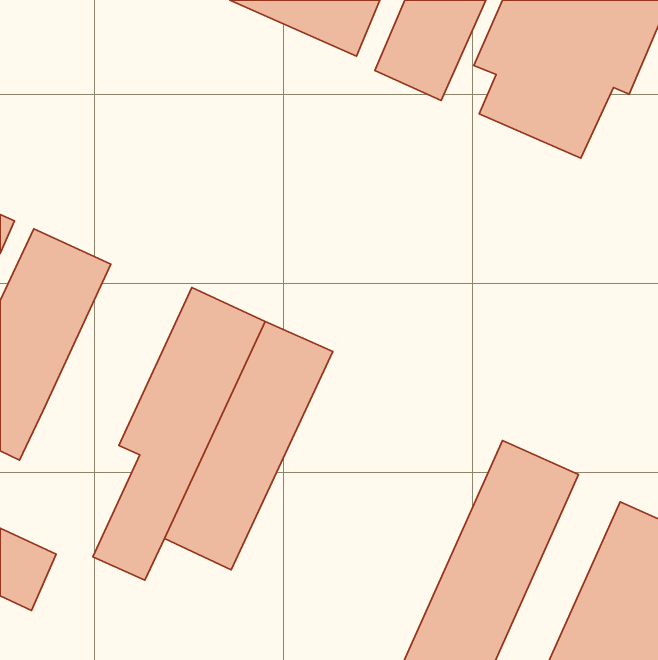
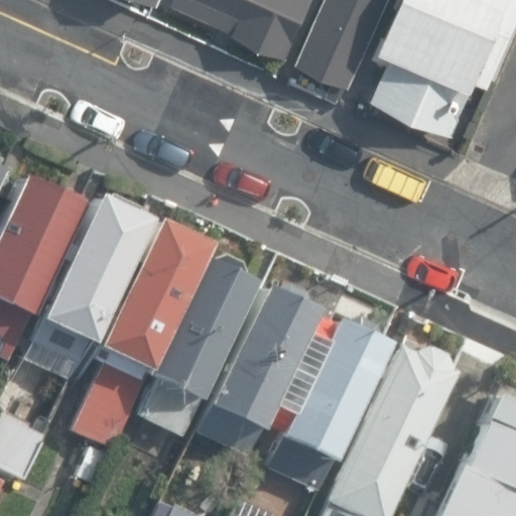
building: none -> [40,201,155,350]
building: none -> [207,277,322,427]
building: none -> [273,315,386,478]

